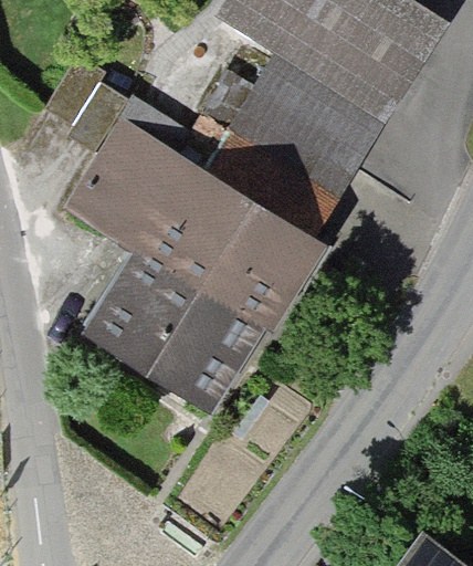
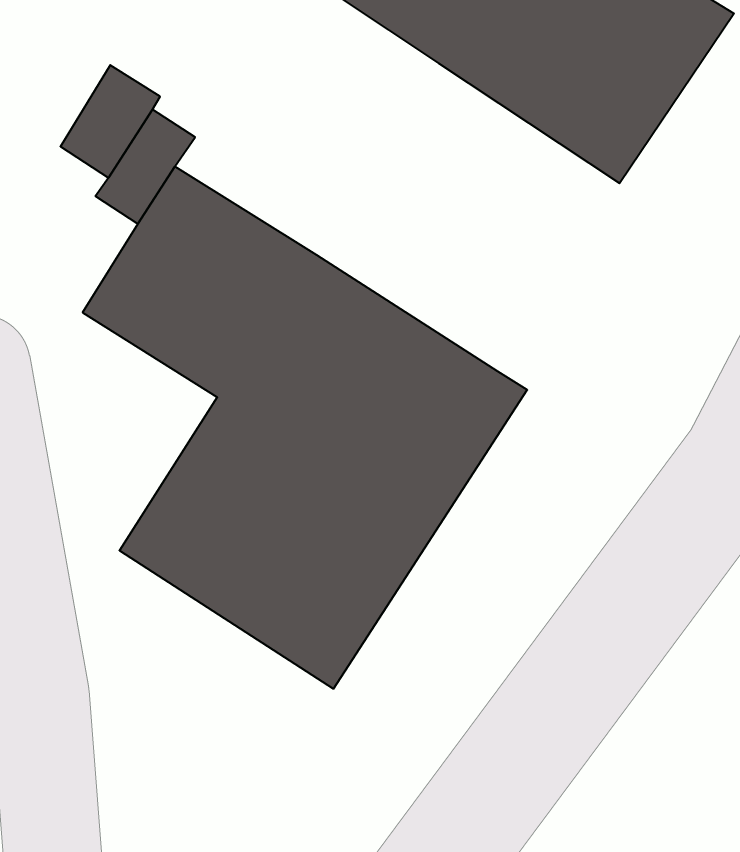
building: [203,50,385,234] -> none

